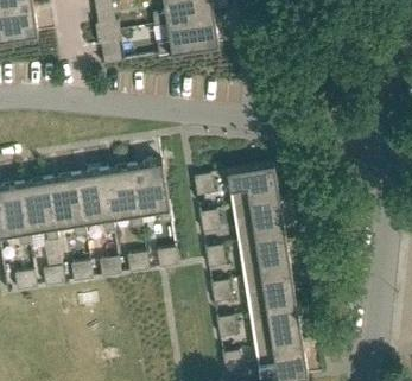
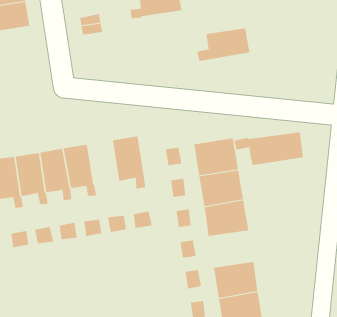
building: [157,17,218,56] -> [197,28,250,62]
building: none -> [234,132,304,166]
building: [104,166,144,228] -> none
building: [243,271,297,313] -> none

